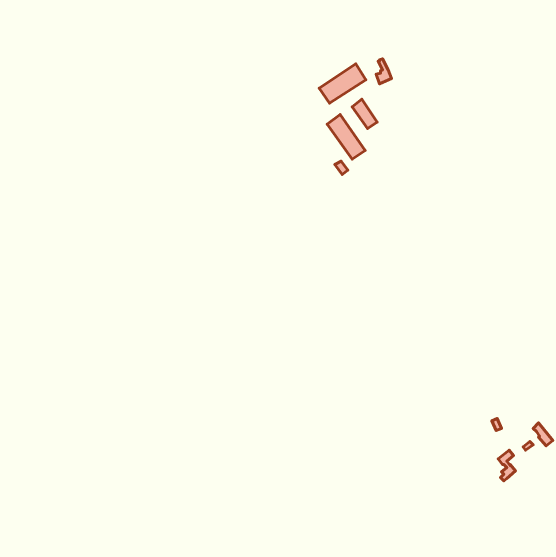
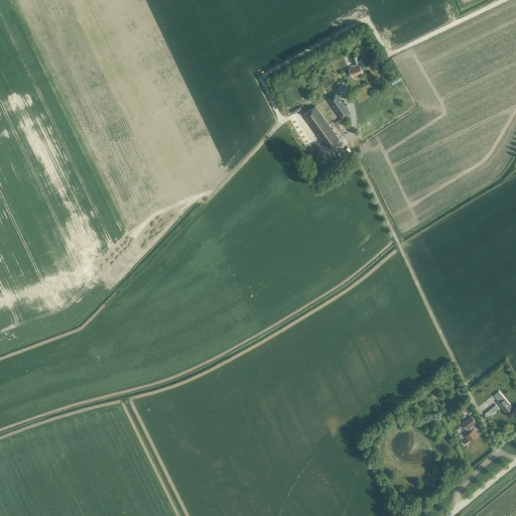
building: [319,64,366,103] -> none

